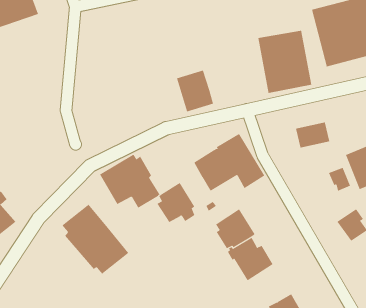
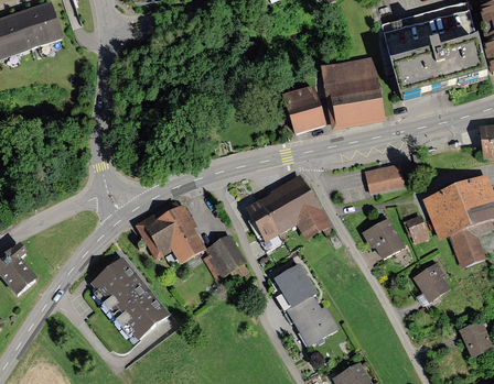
building: [176,70,214,112] -> [281,83,325,132]
building: none -> [362,218,405,260]

